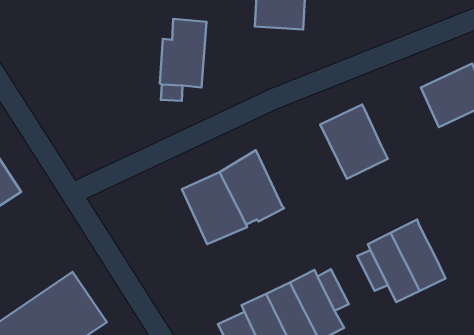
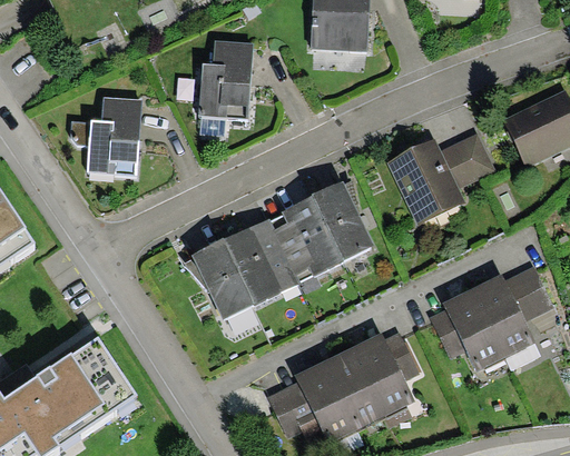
building: none -> [70,98,140,175]
building: none -> [441,133,497,188]
building: none -> [311,181,372,259]
building: none -> [191,239,254,319]
building: none -> [502,267,553,323]

